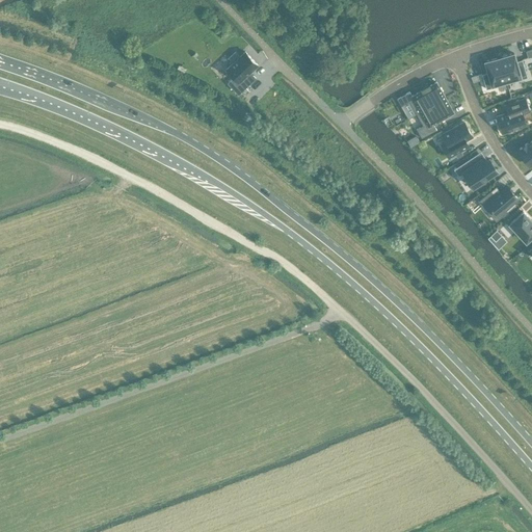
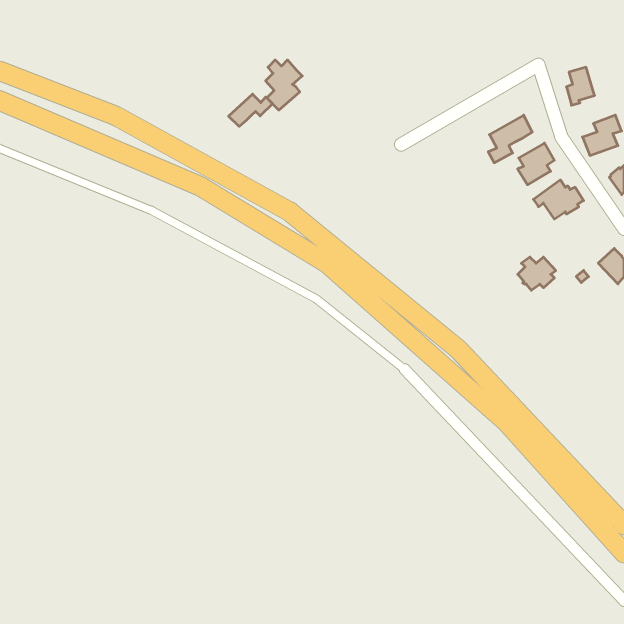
building: [498,54,526,82] -> none
building: none -> [229,94,272,126]
building: [396,82,445,115] -> none
building: [484,187,516,215] -> [518,257,556,290]

